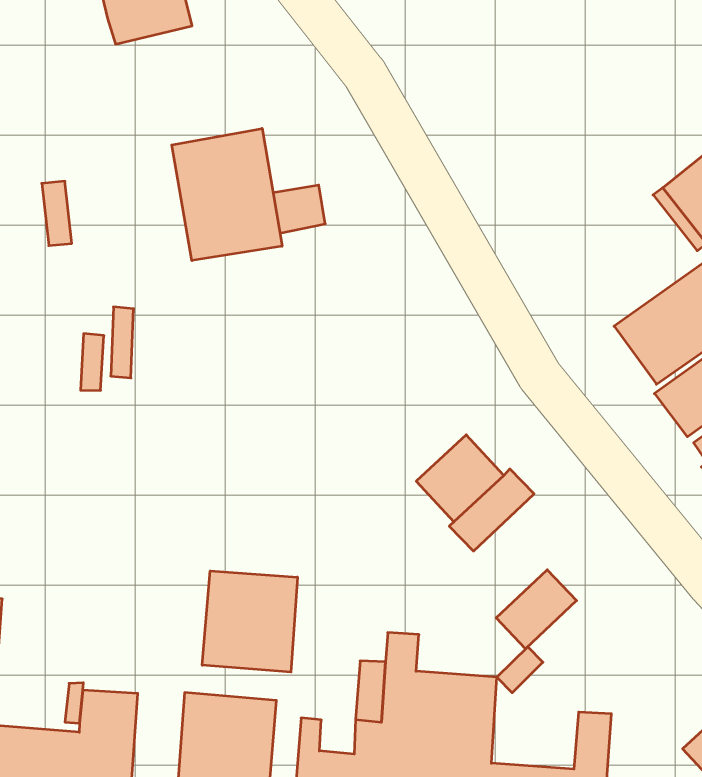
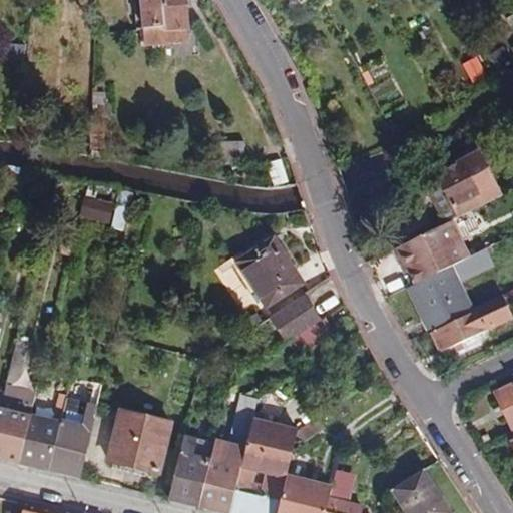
building: [172,128,282,261] -> none
building: none -> [236,238,304,308]
building: [496,570,577,649] -> none
building: [202,571,297,672] -> none

